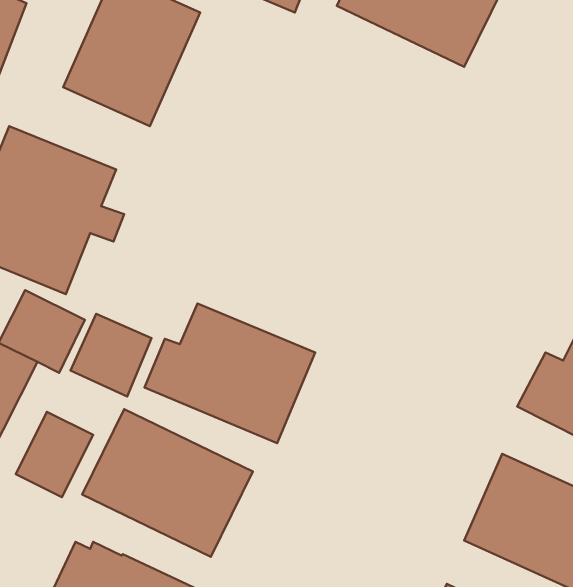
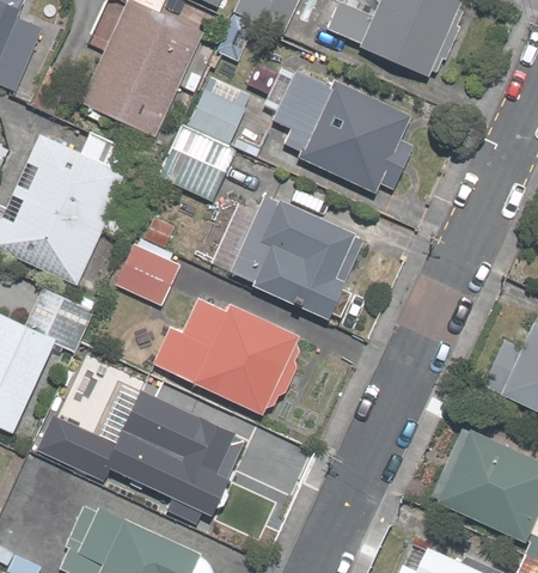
building: none -> [259,66,412,197]
building: none -> [155,74,256,203]
building: none -> [226,194,365,324]
building: [70,314,152,396] -> [111,236,183,309]

